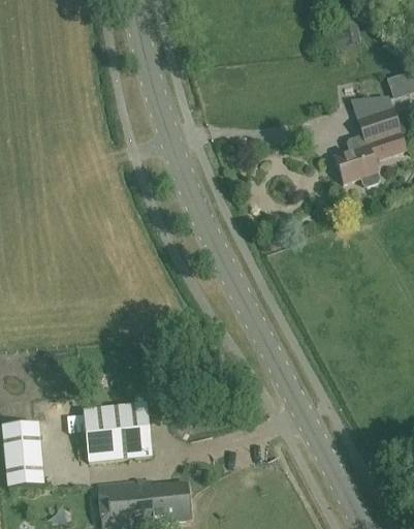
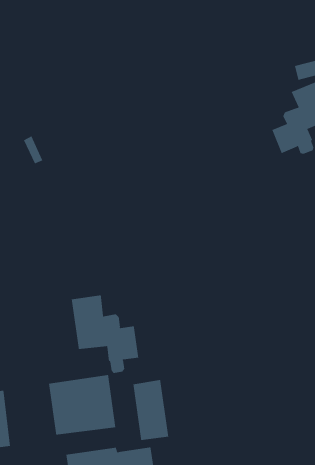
building: none -> [71,295,139,374]
building: none -> [133,379,169,441]

